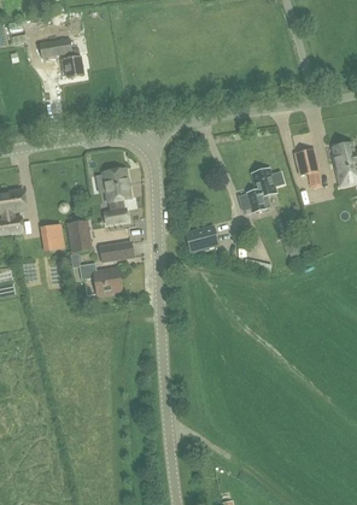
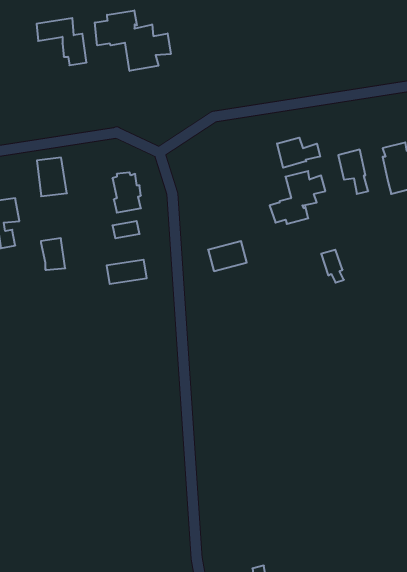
building: none -> [95,10,171,71]
building: none -> [277,138,320,168]
building: [66,219,92,252] -> [37,158,67,196]
building: [78,262,121,295] -> none

